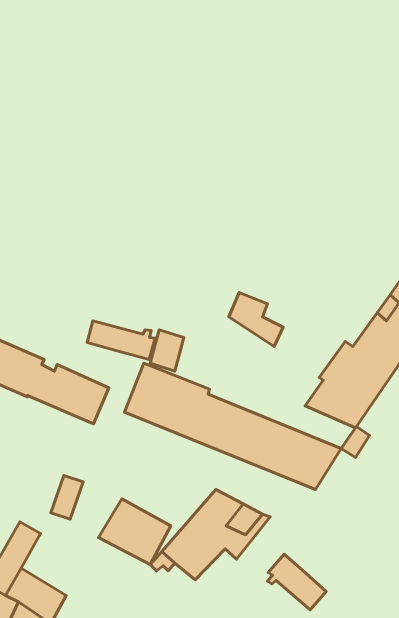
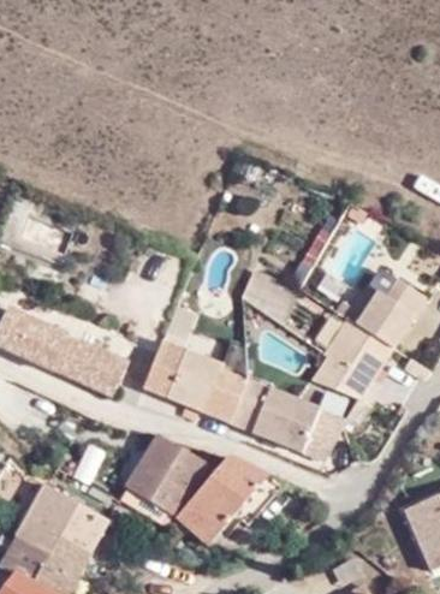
building: [87,321,155,360] -> none
building: none -> [141,435,208,491]
building: none -> [47,498,107,556]
building: [268,554,326,610] -> none

